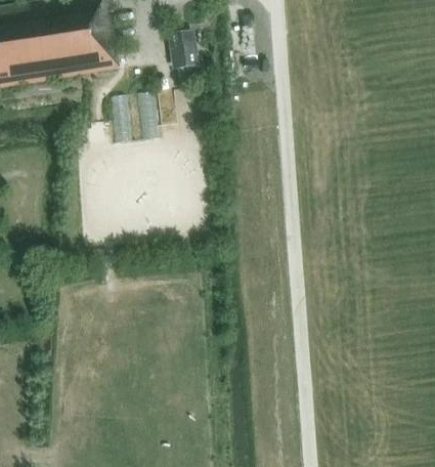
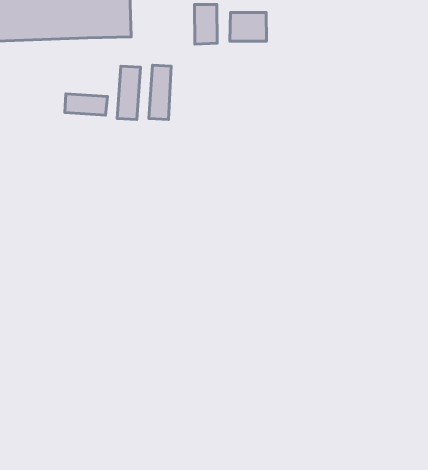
building: none -> [230,12,267,41]
building: none -> [65,94,108,115]

